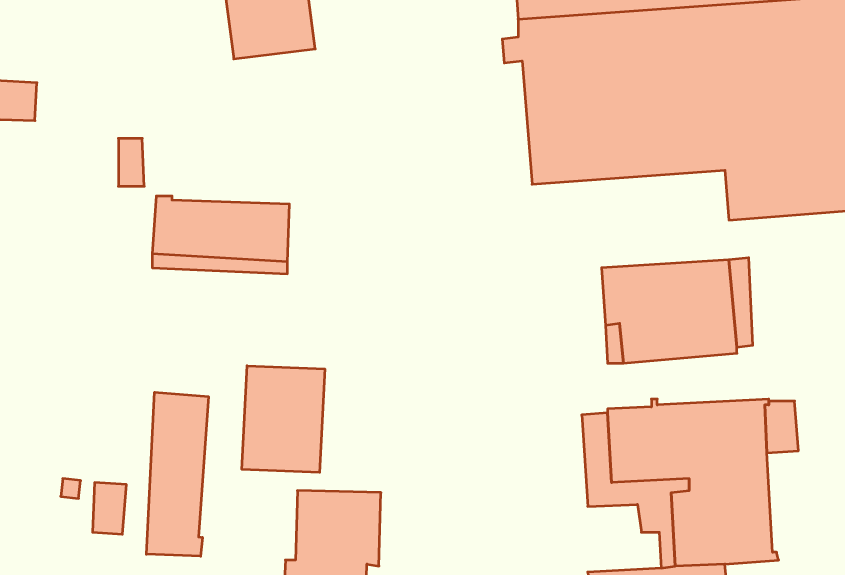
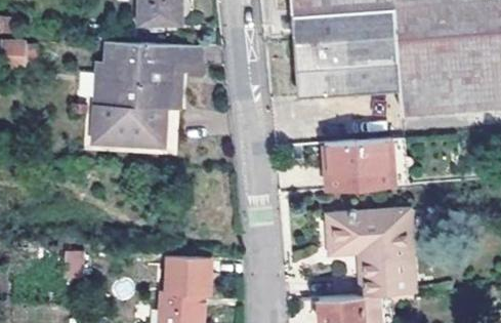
building: none -> [98,40,203,109]
building: [242,366,325,472] -> none
building: [146,392,208,556] -> none

